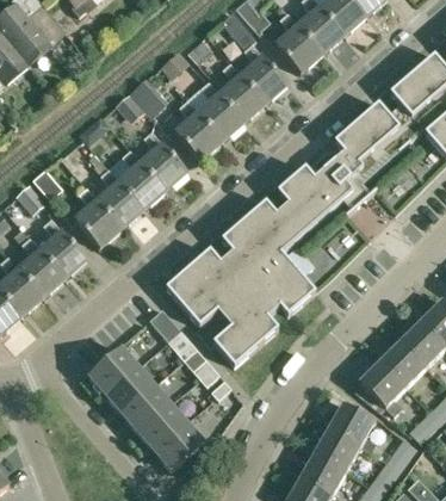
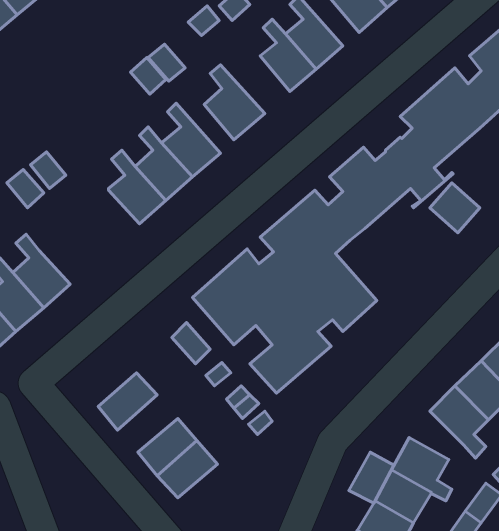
building: [199,80,244,138] -> none
building: [76,187,123,247] -> none
building: [42,217,88,277] -> none
building: [105,366,154,413] -> none
building: none -> [349,452,394,503]
building: [154,422,202,469] -> none

